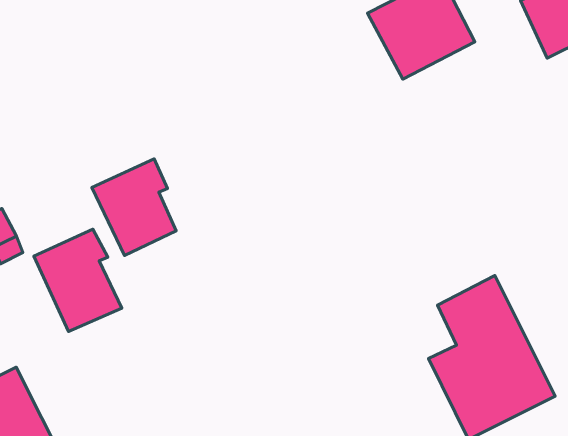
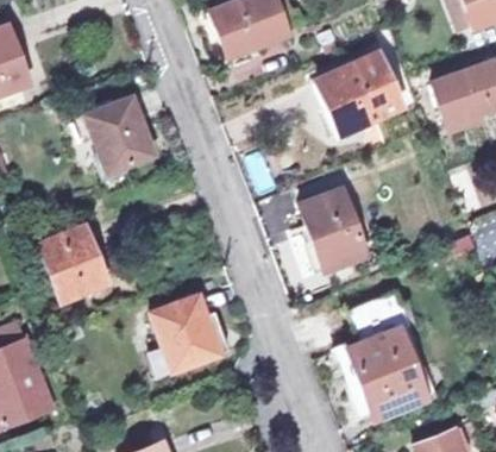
building: none -> [297,186,365,268]
building: [92,159,176,255] -> [83,98,145,170]
building: none -> [155,293,234,370]

